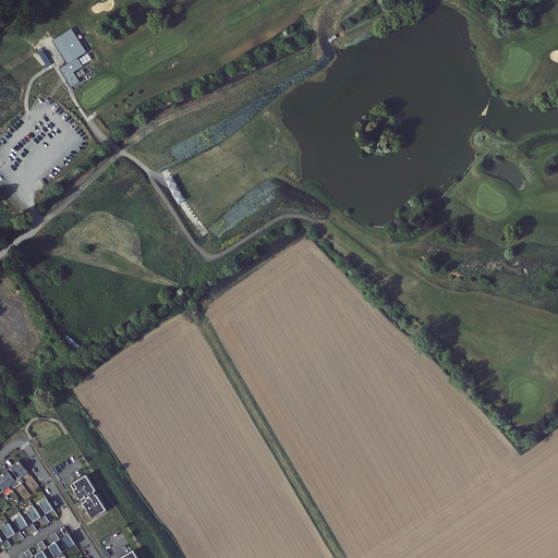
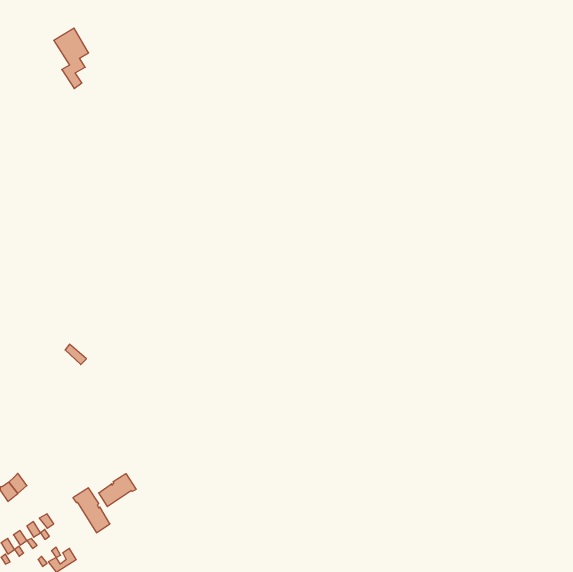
building: none -> [99,474,136,507]

